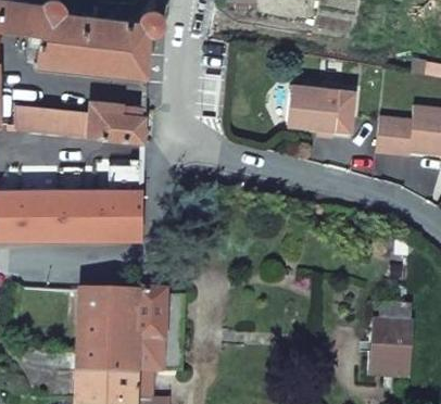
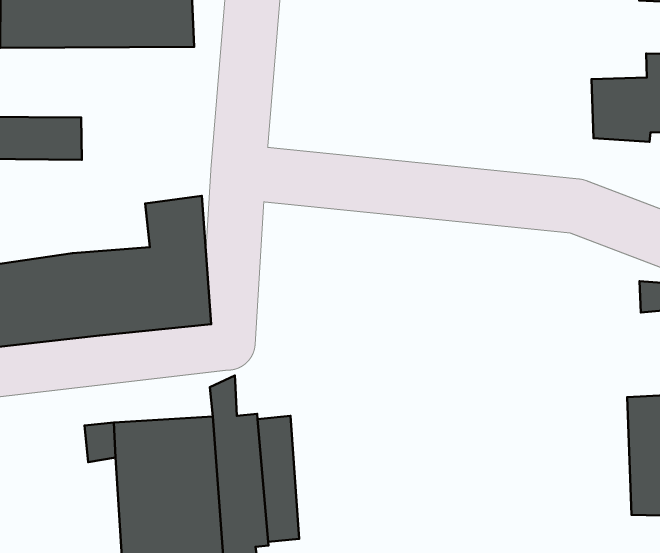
building: [287,86,355,140] -> none
building: [75,101,147,143] -> none

